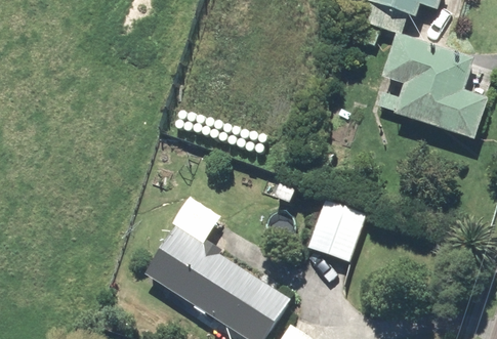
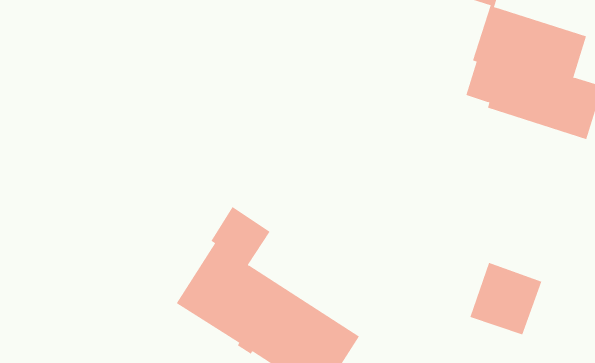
building: [306,202,365,260] -> [469,262,542,335]

